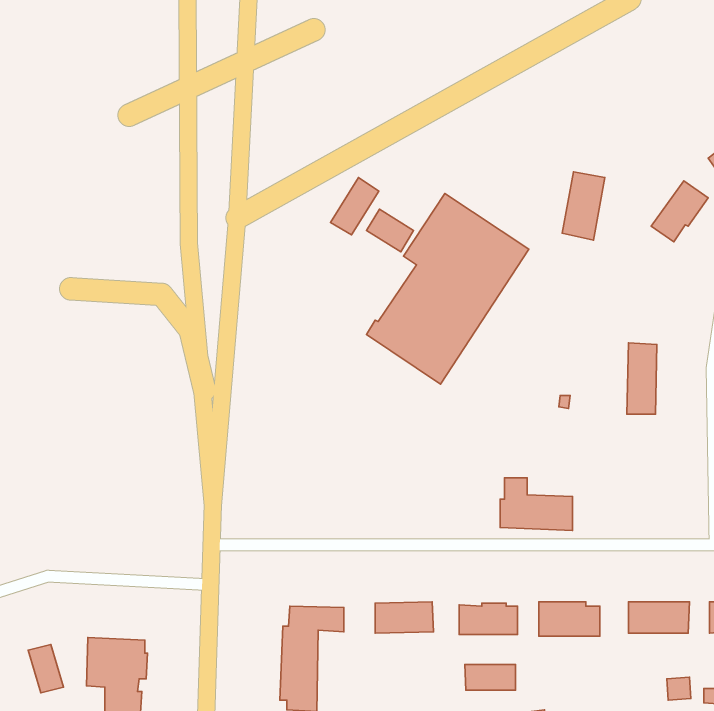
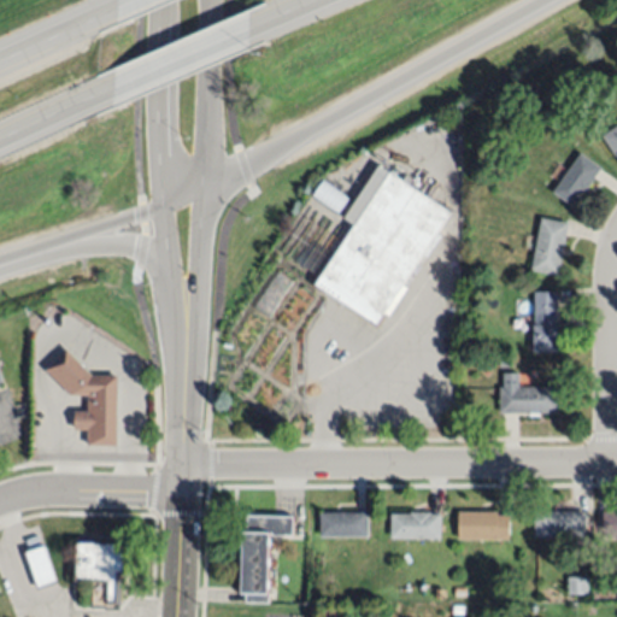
building: [562,172,605,240] -> [531,218,568,276]
building: [331,178,379,235] -> none
building: none -> [46,349,117,446]
building: [500,478,573,531] -> [499,370,560,415]
building: [465,664,516,690] -> none

